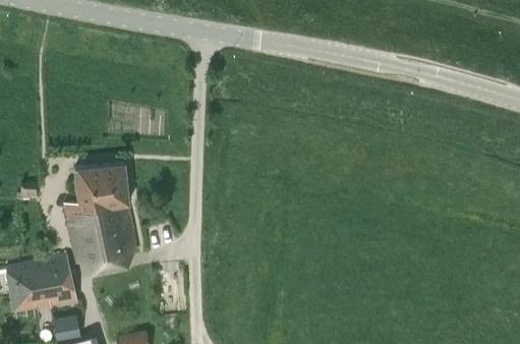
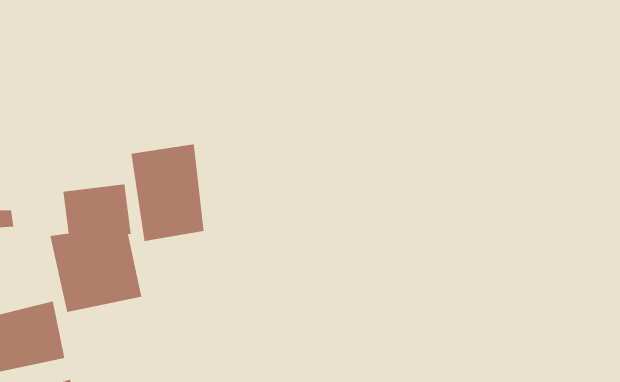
building: none -> [131,143,204,242]

